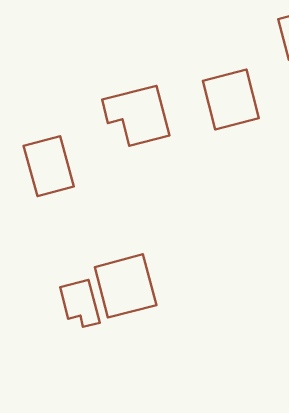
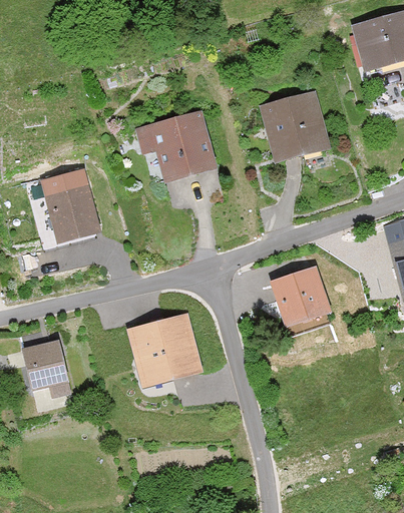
building: none -> [271,264,330,323]
building: [60,280,100,327] -> [20,342,69,400]

